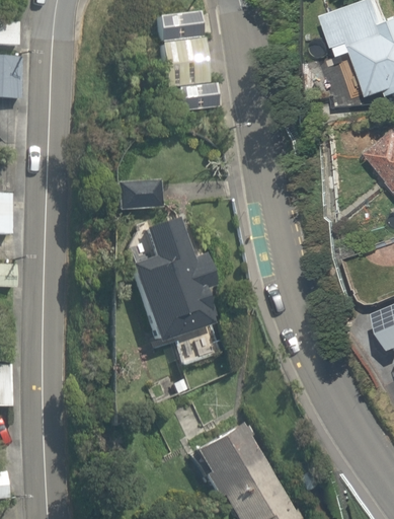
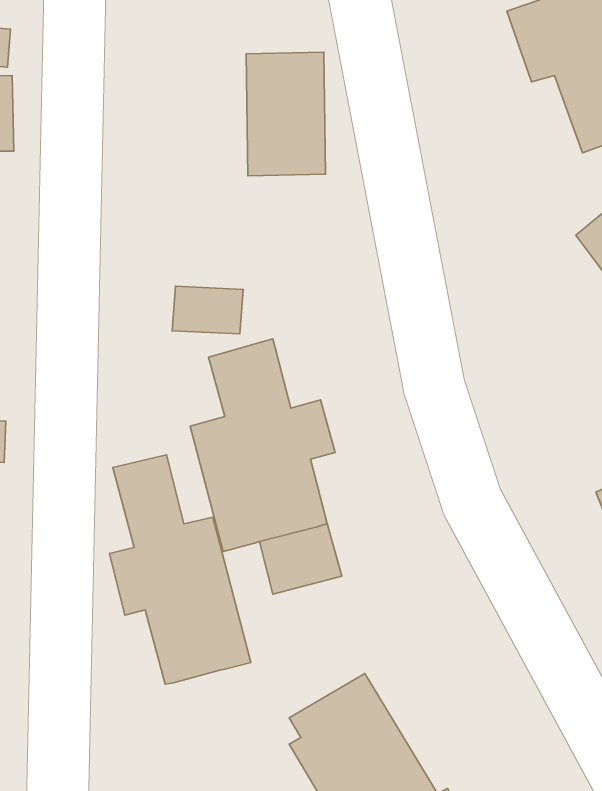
building: none -> [109,455,251,684]

